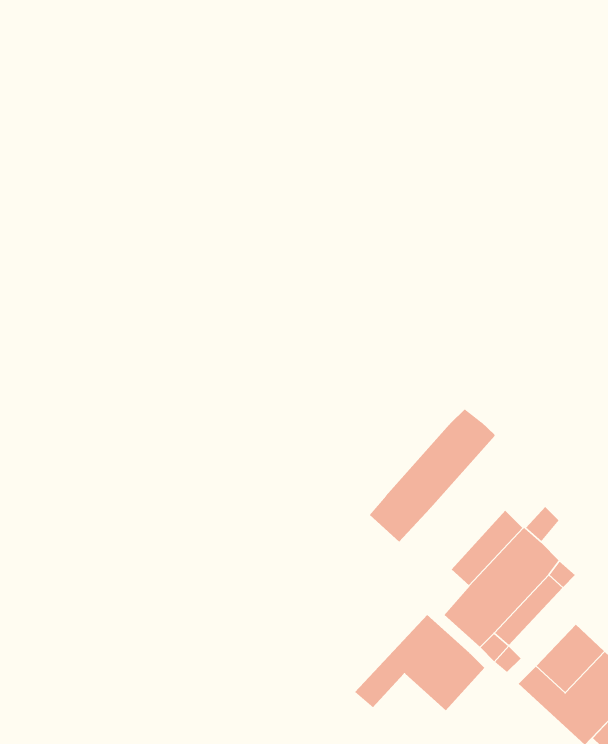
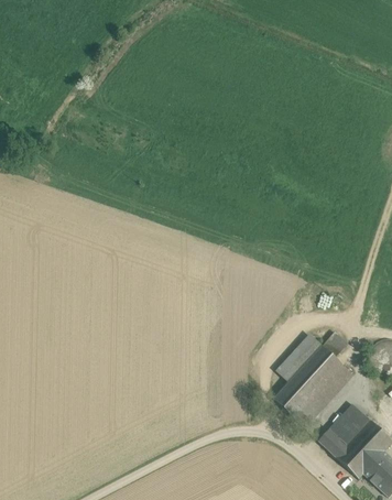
building: [369,409,497,543] -> none
building: [354,614,485,711] -> none

